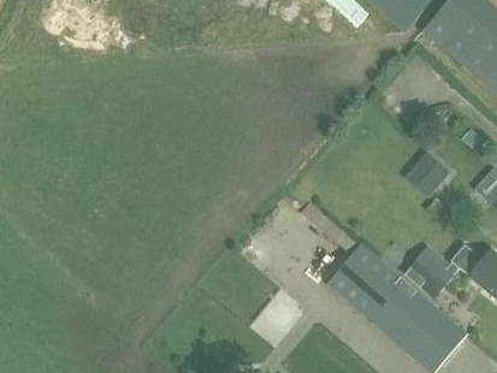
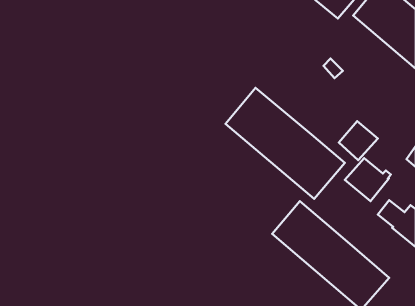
building: none -> [226,88,345,199]
building: [404,248,458,298] -> [345,158,391,201]

